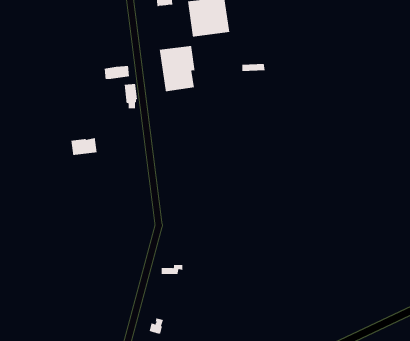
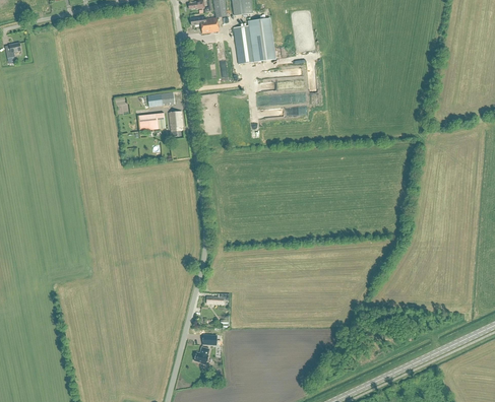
building: [159,45,195,92] -> none
building: [70,137,98,155] -> [138,112,166,130]

